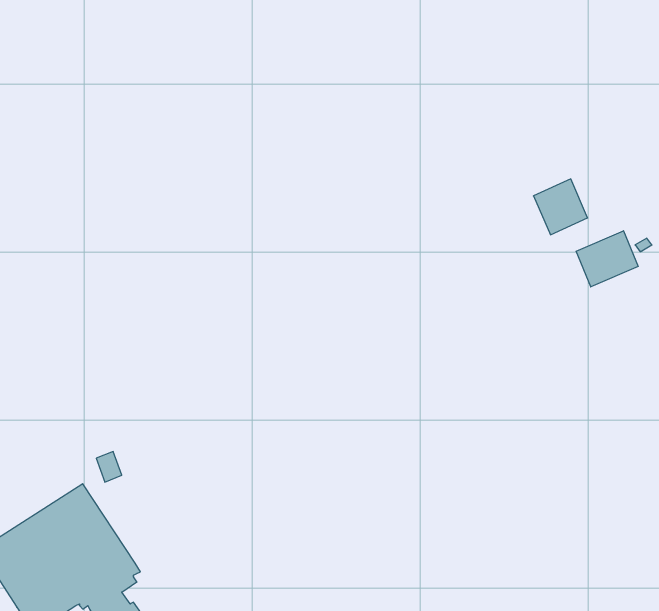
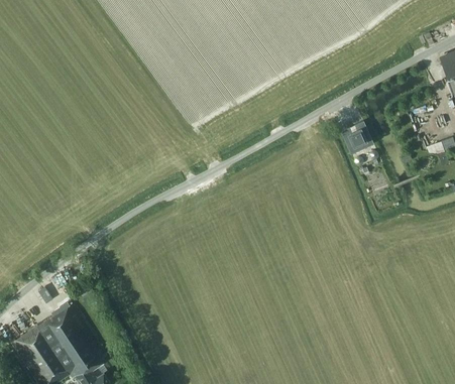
building: [576,231,638,287] -> none

